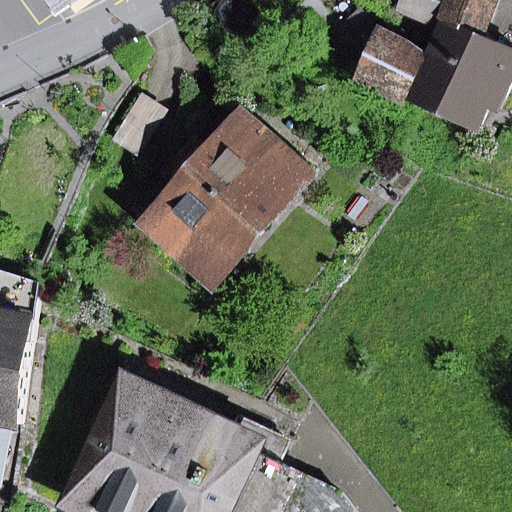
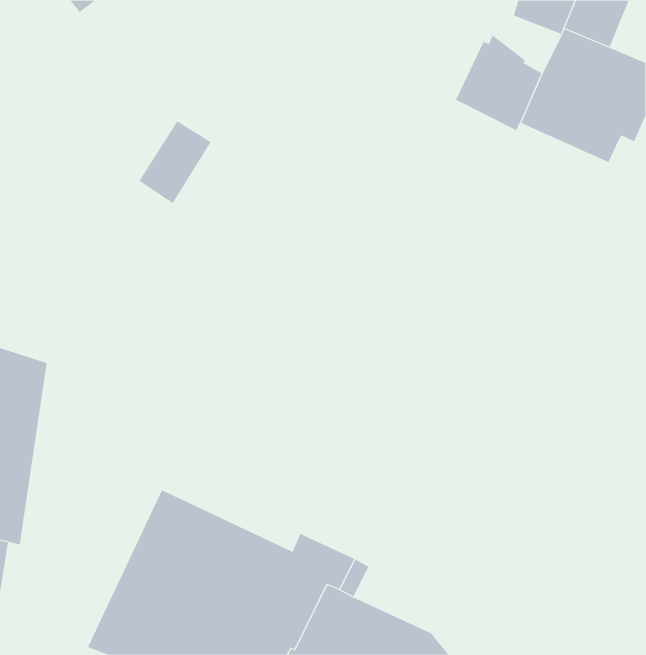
building: [150,106,303,280] -> none

